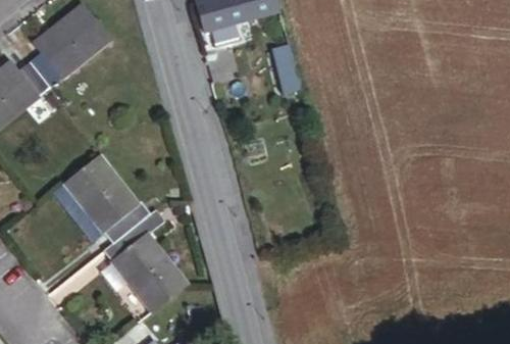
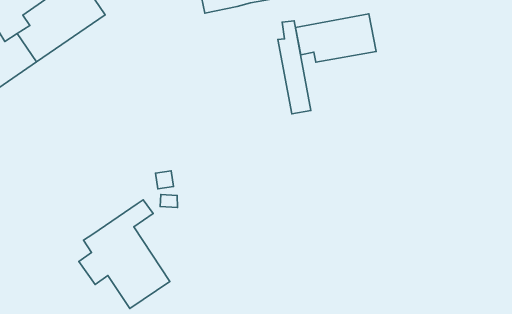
building: none -> [295,14,376,62]
building: [53,153,151,243] -> none

